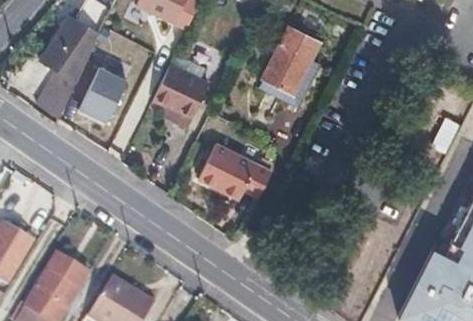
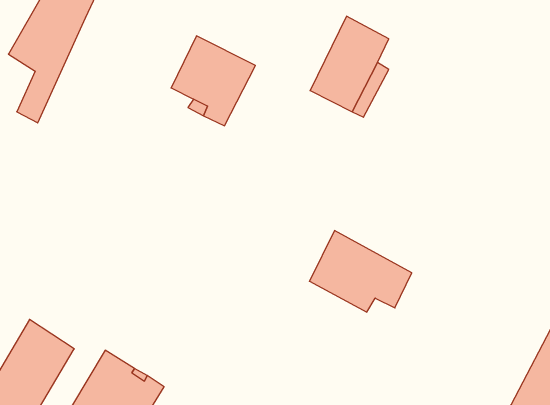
building: [81,65,129,120] -> none
building: [199,141,272,199] -> [309,231,412,312]

